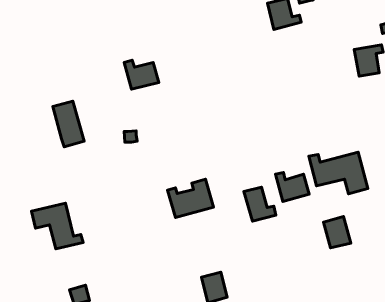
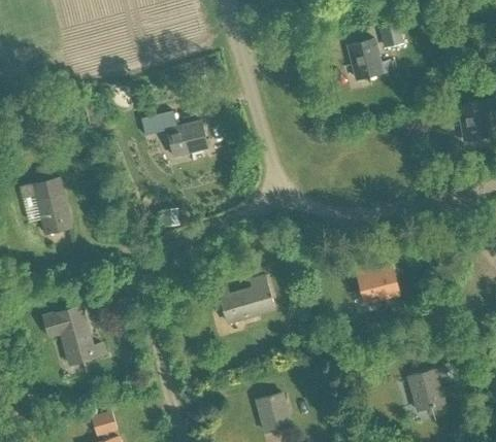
building: [53,101,84,147] -> [30,176,70,235]
building: [309,152,368,194] -> none
building: [244,187,276,221] -> none
building: [323,216,351,248] -> [409,370,444,410]

